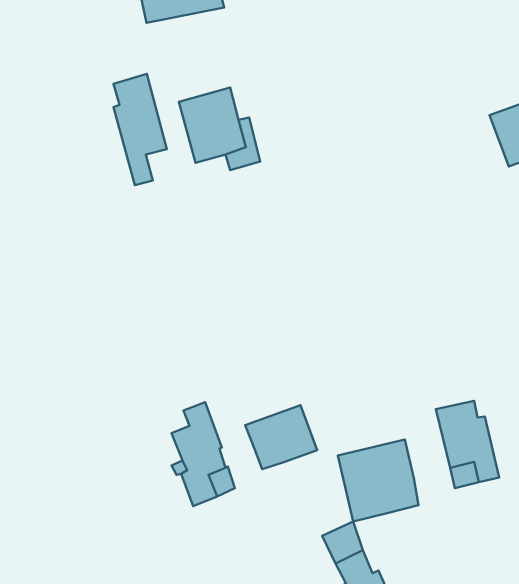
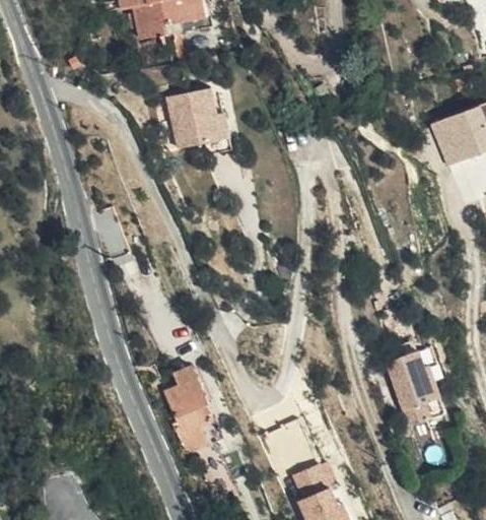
building: [113,74,167,185] -> none
building: [245,405,317,469] -> none
building: [338,440,419,522] -> none

